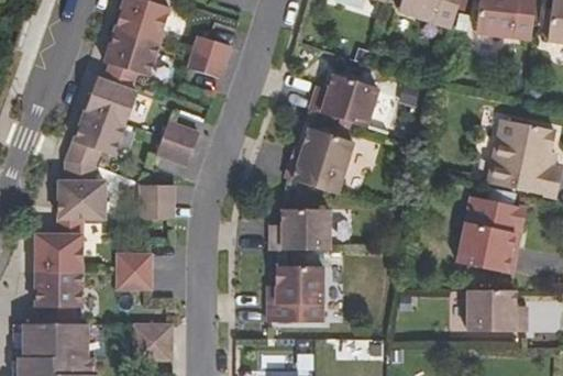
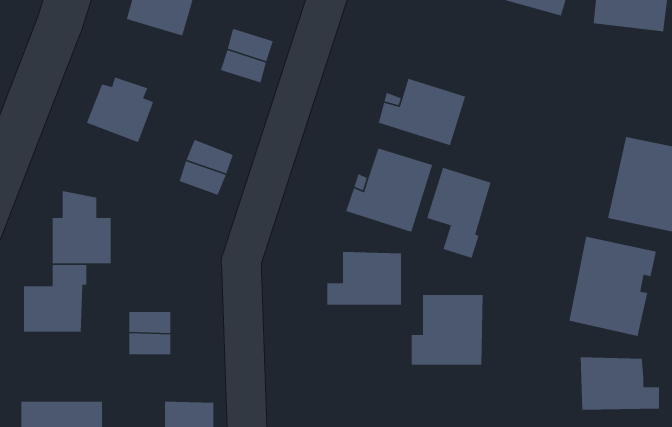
building: [103,29,158,81] -> none
building: [65,109,124,166] -> none
building: none -> [426,167,491,259]
building: [139,185,173,219] -> none
building: [266,266,322,321] -> [411,294,484,365]
building: [34,270,80,323] -> none

